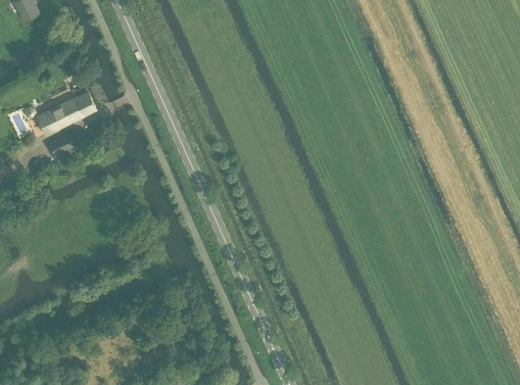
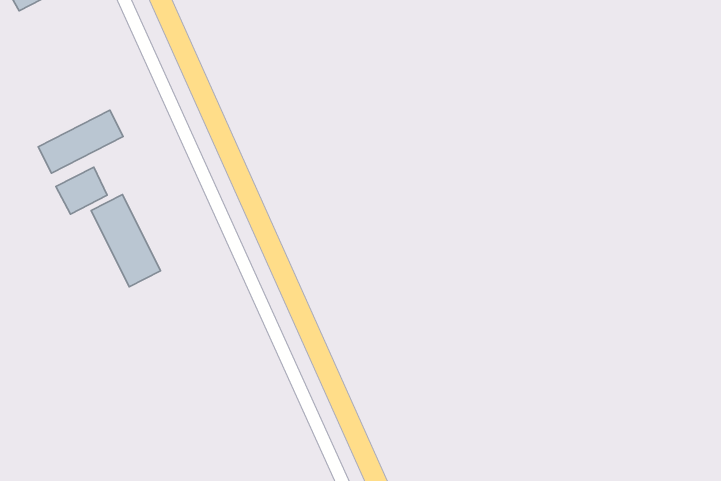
building: none -> [91,195,161,287]

